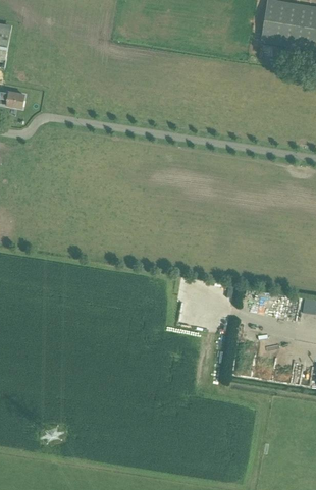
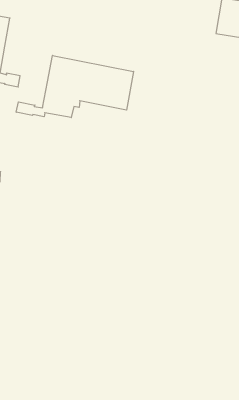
building: none -> [16,55,134,118]

